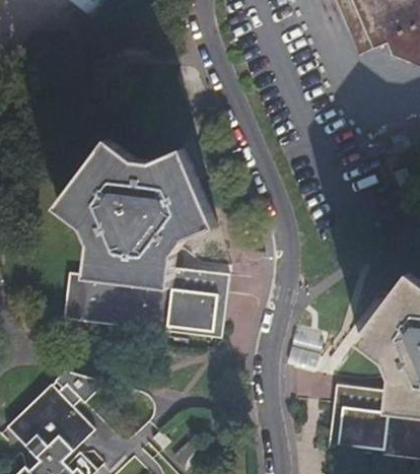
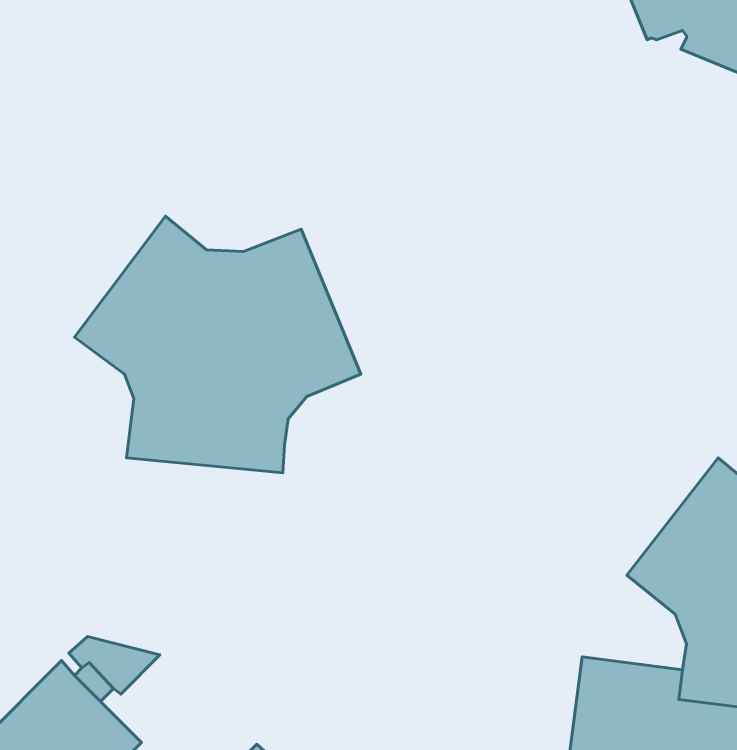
building: [59,267,224,338] -> none

